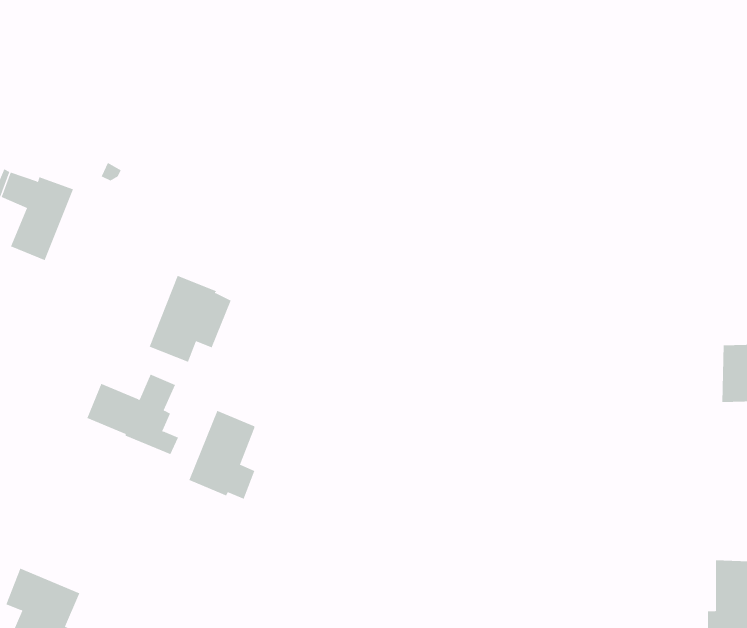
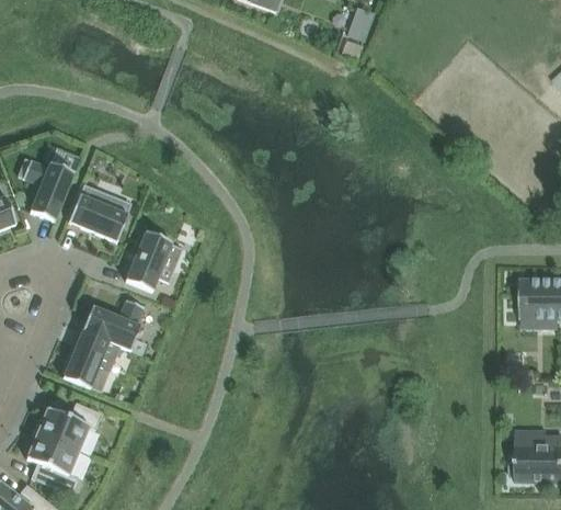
building: none -> [69,182,131,241]
building: [188,410,255,499] -> [64,329,110,390]
building: none -> [35,401,103,450]

